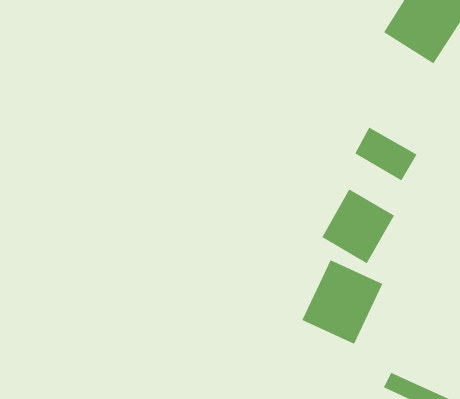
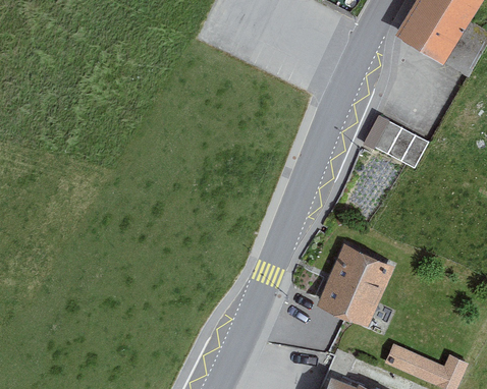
building: [321,189,395,264] -> none

